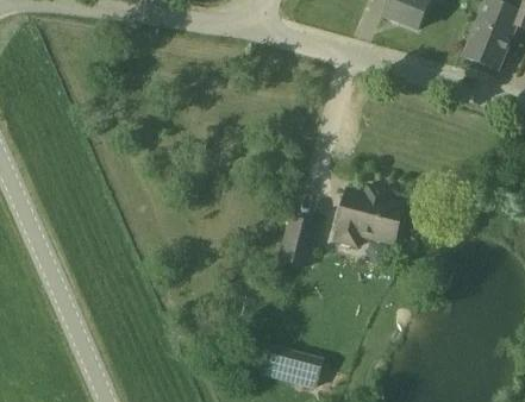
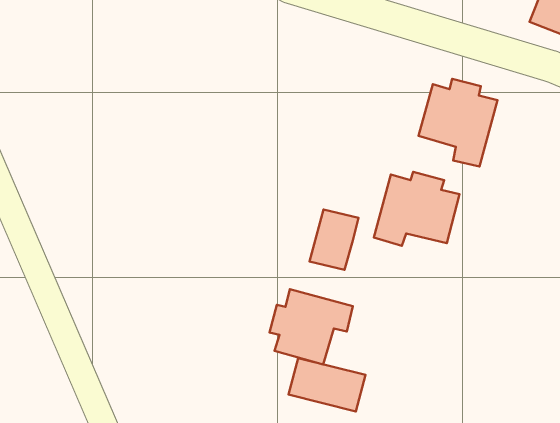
building: none -> [419,79,497,167]
building: none -> [270,289,353,364]

